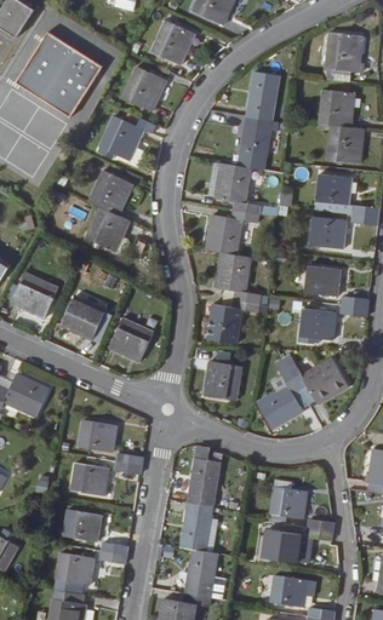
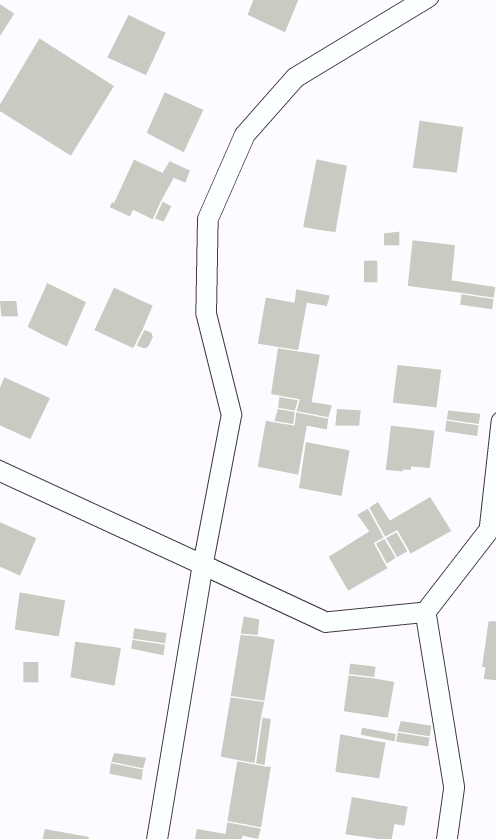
building: [154,22,198,67] -> [106,14,167,76]
building: [322,31,361,82] -> none
building: [248,73,280,121] -> none
building: [326,125,364,162] -> none
building: [215,162,261,214] -> none
building: [92,170,136,217] -> [27,282,87,347]
building: [309,217,344,248] -> none
building: [62,297,105,340] -> none
building: [109,317,154,362] -> none
building: [204,361,241,401] -> [298,441,351,497]
building: [79,418,116,450] -> [14,592,66,637]
building: [63,509,101,541] -> none
building: [56,552,93,584] -> none

